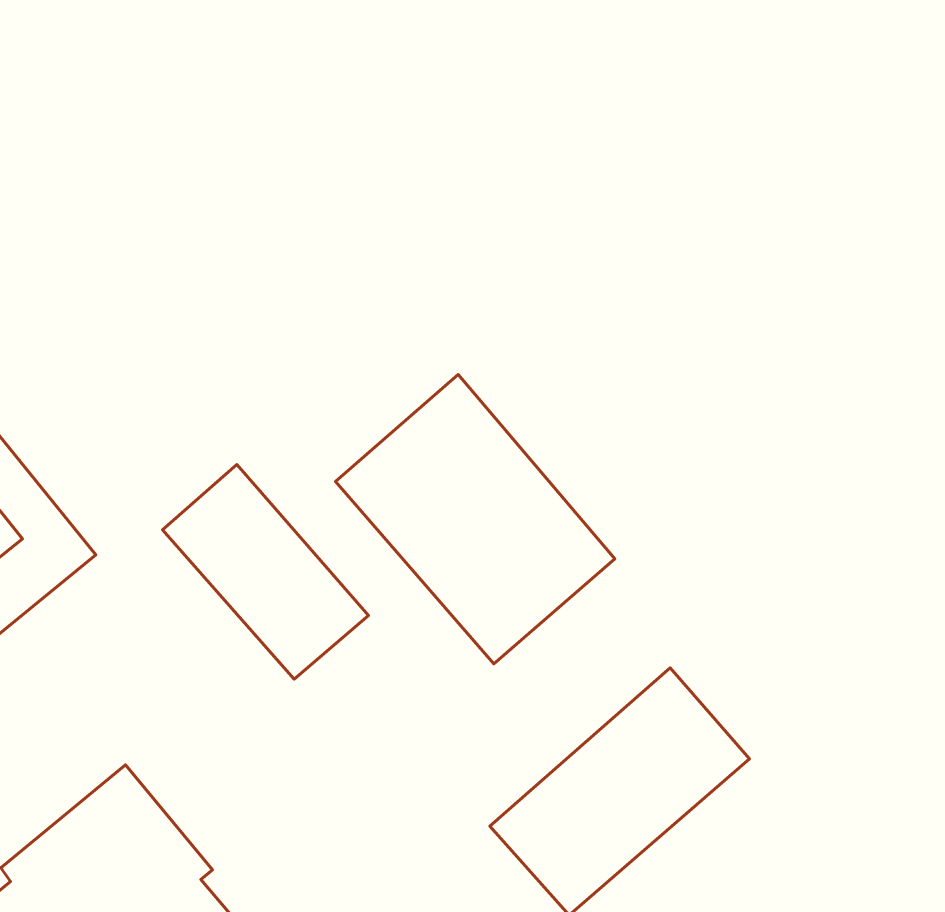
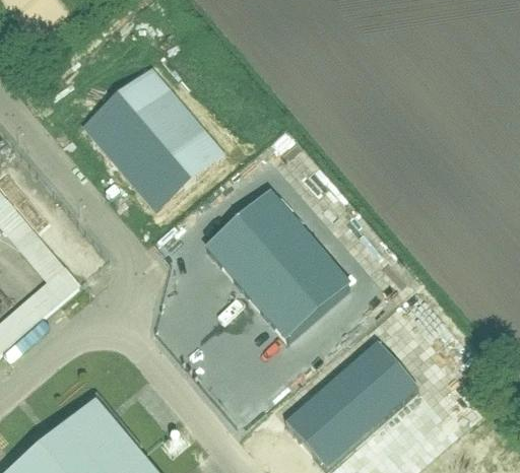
building: none -> [79,57,234,212]
building: [162,464,368,679] -> none

